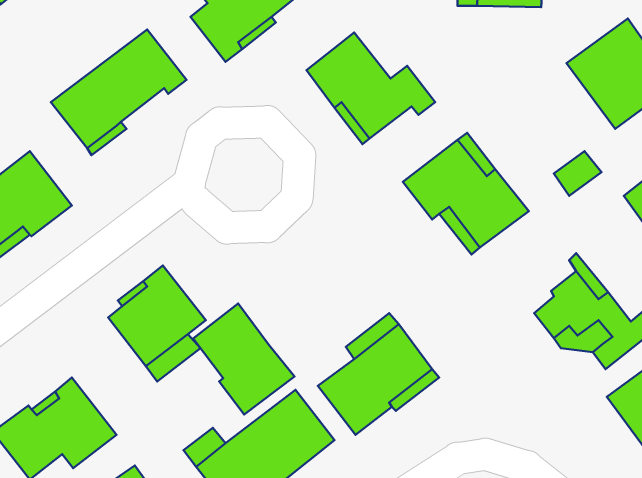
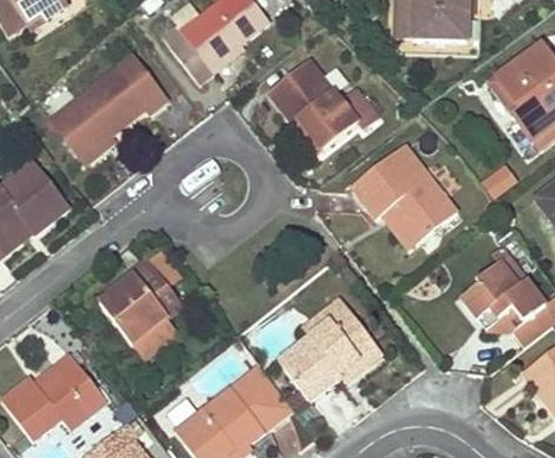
building: [193,304,294,415] -> none

